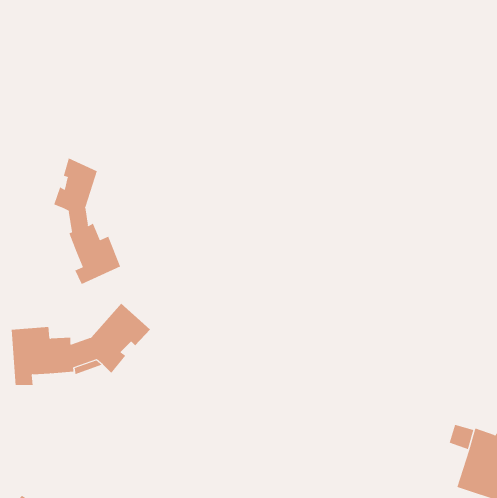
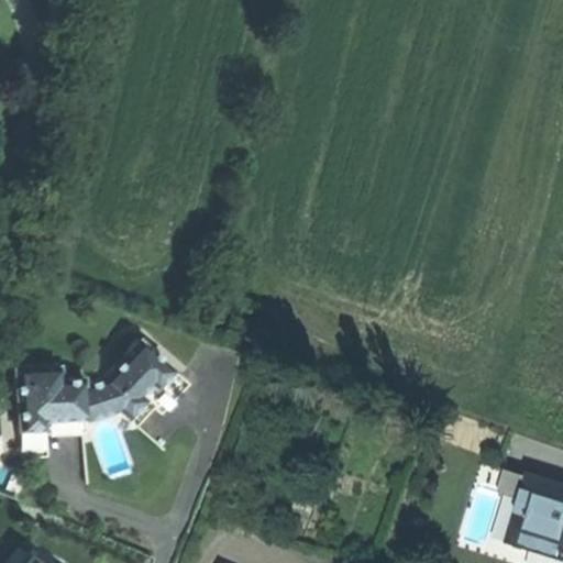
building: [53,157,121,285] -> none

